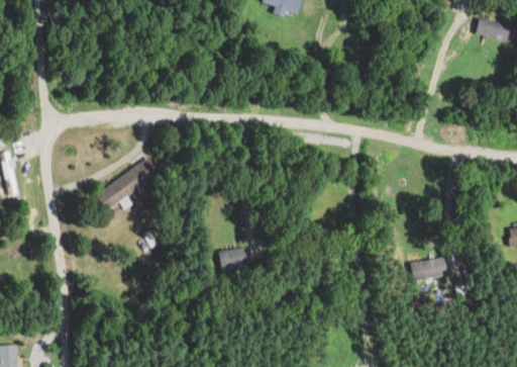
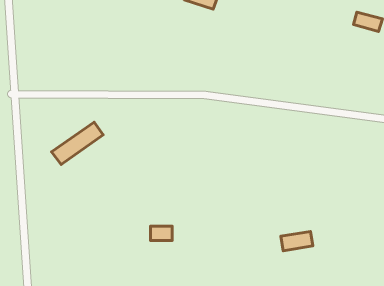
building: [219,249,246,267] -> [150,226,172,240]
building: [407,257,447,281] -> [281,231,313,251]

